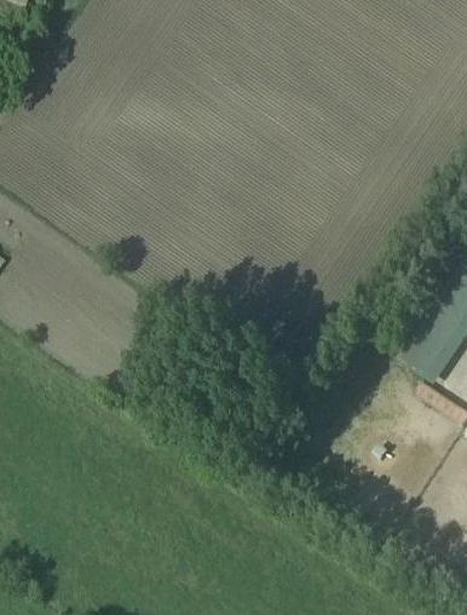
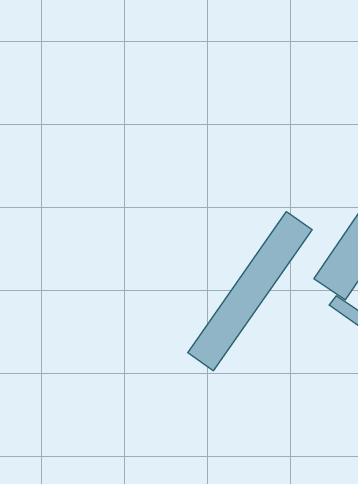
building: none -> [188,212,312,371]

